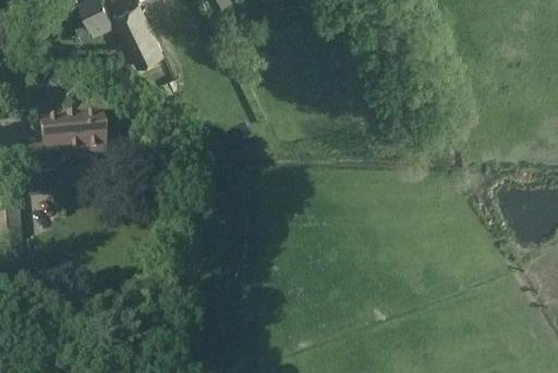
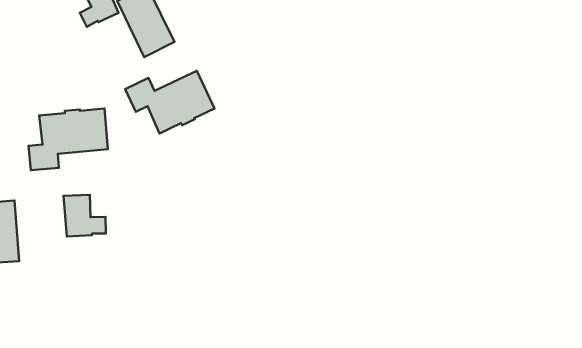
building: none -> [125,71,215,133]
building: none -> [63,195,106,237]

